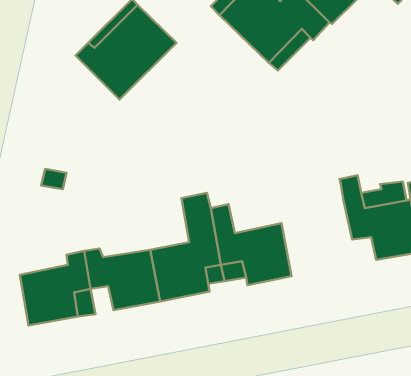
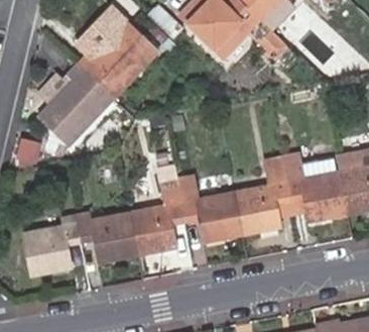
building: none -> [32,57,105,135]
building: none -> [234,159,290,233]

